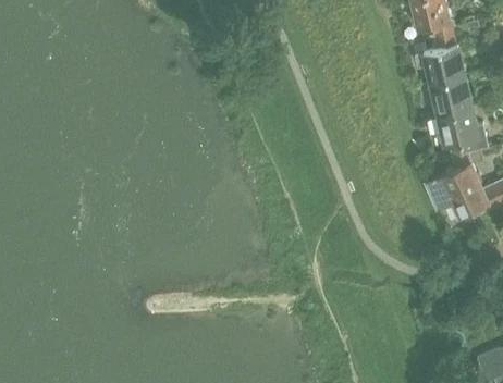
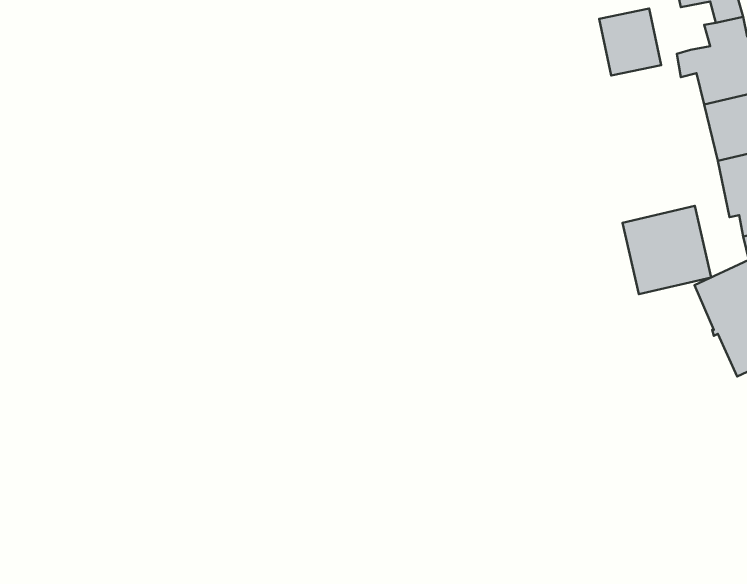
building: none -> [599,8,661,75]
building: none -> [623,206,711,294]

